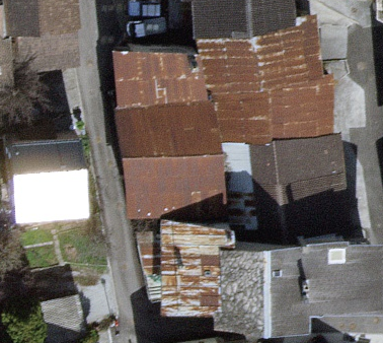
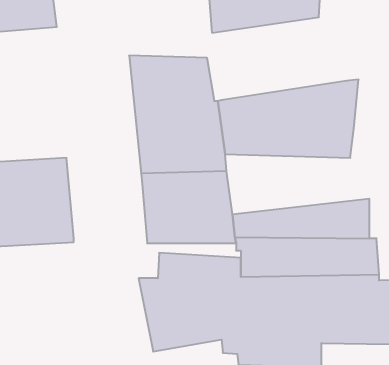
building: [198,18,311,89] -> none
building: [209,135,330,186] -> none

